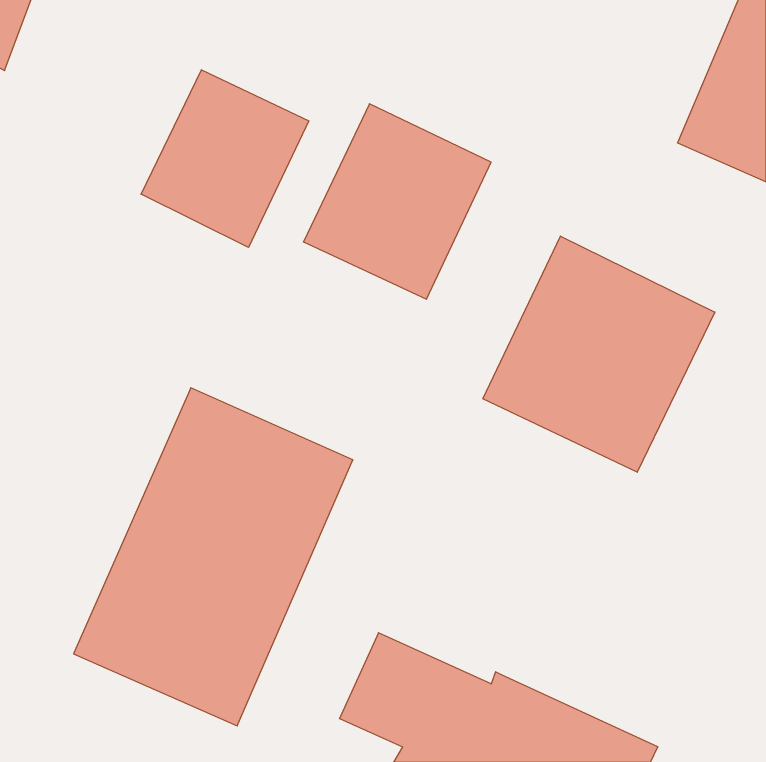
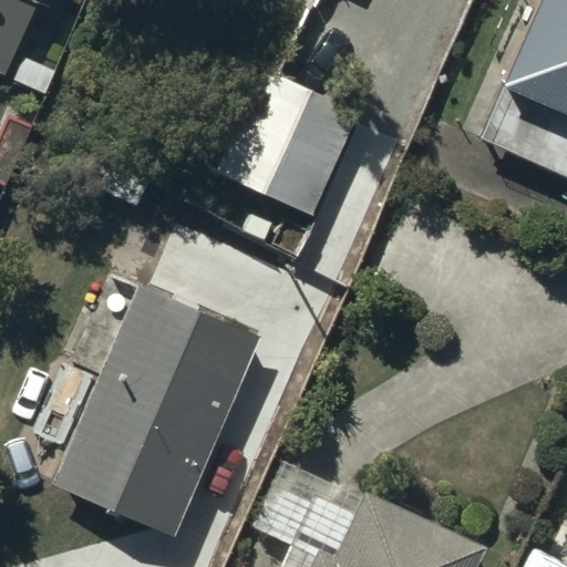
building: [141,70,309,247] -> none
building: [483,236,715,472] -> none

